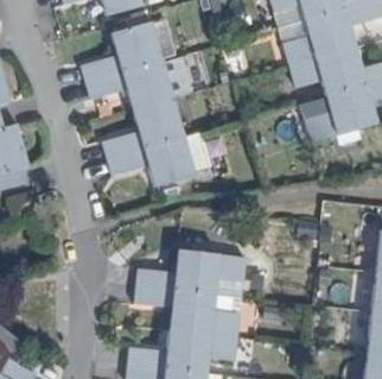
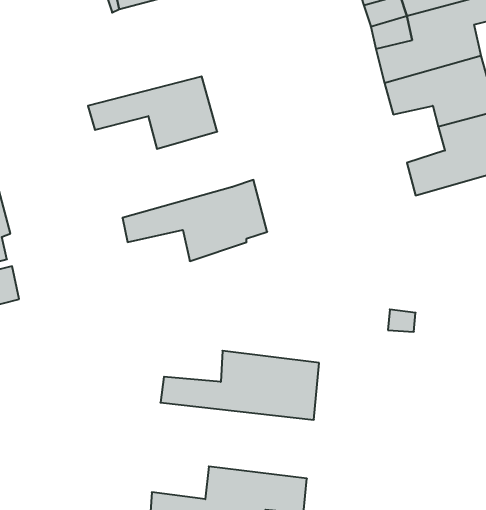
building: [81,18,176,81] -> none
building: [103,99,184,158] -> none
building: [133,285,240,337] -> none

